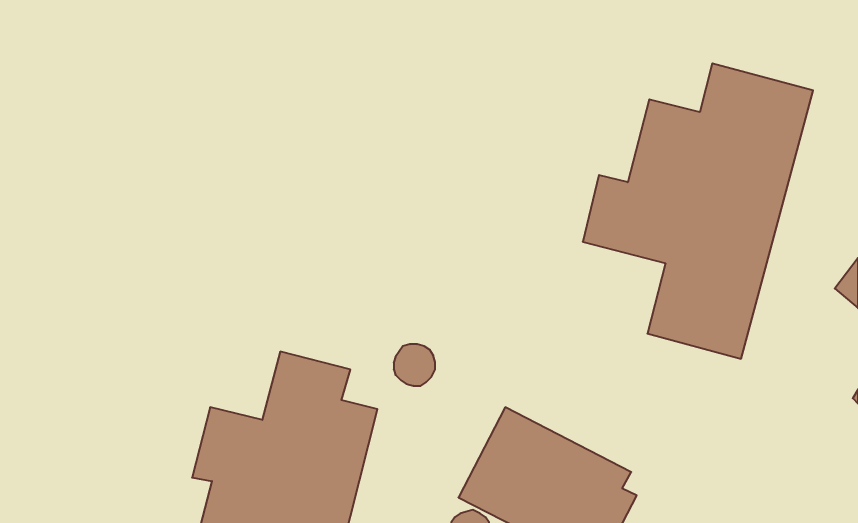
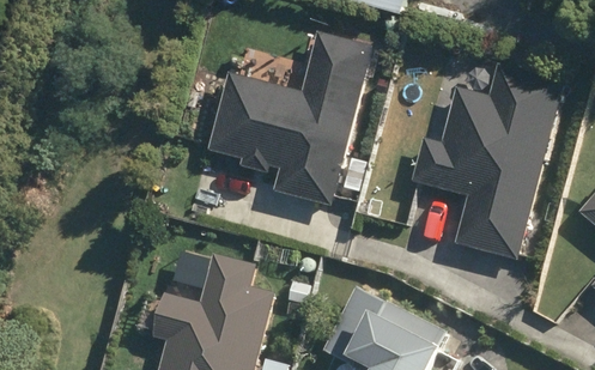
building: none -> [207,31,371,206]

